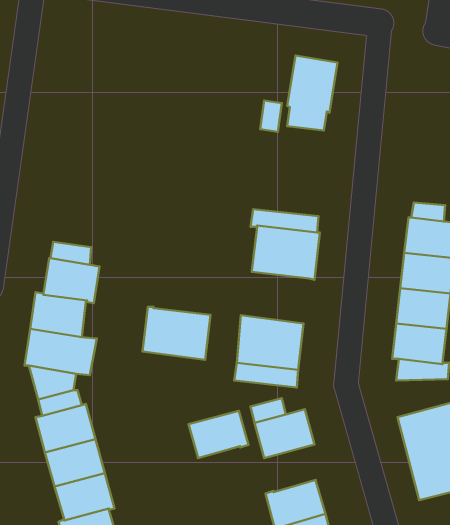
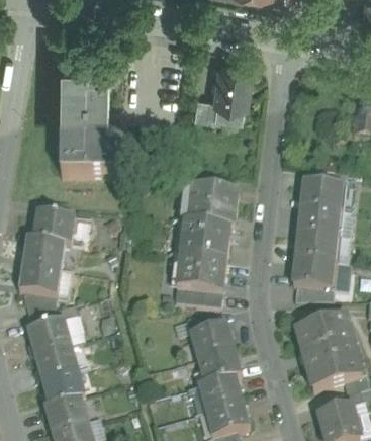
building: none -> [61,56,118,179]
building: [143,307,211,360] -> [180,223,230,262]
building: [188,411,248,458] -> [197,352,242,387]

